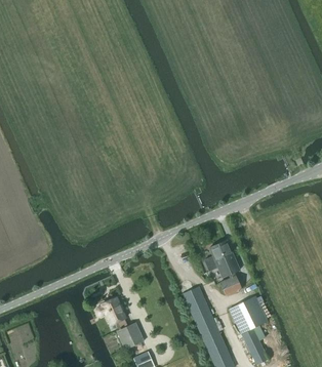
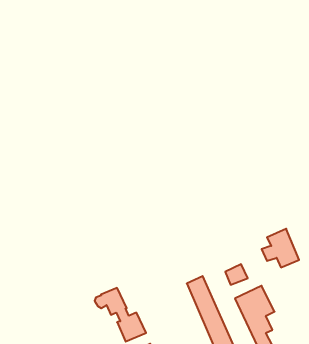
building: [204,240,240,277] -> [262,229,299,267]

